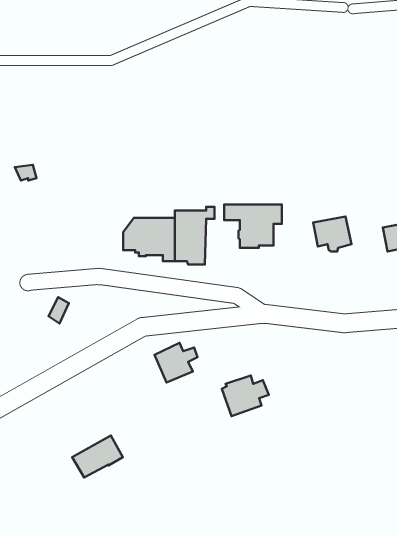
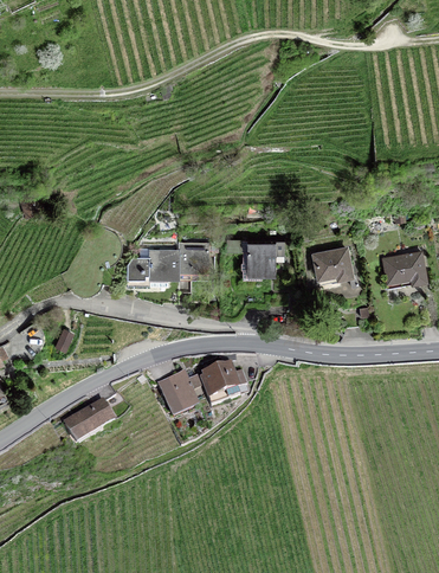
building: [222,375,269,416] -> [201,365,247,405]
building: [72,436,123,478] -> [65,401,115,443]

